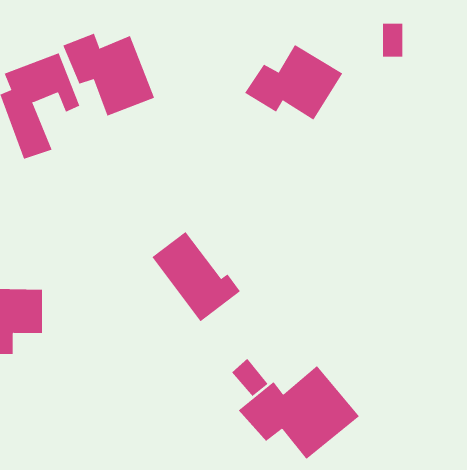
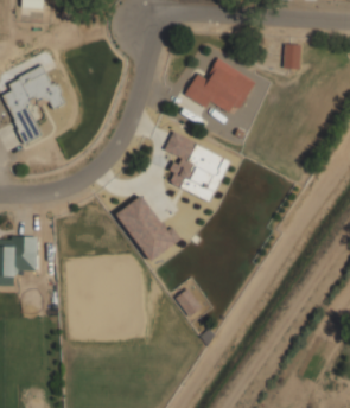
building: [62,33,155,116] -> none
building: none -> [164,134,228,200]
building: [238,365,360,460] -> none

